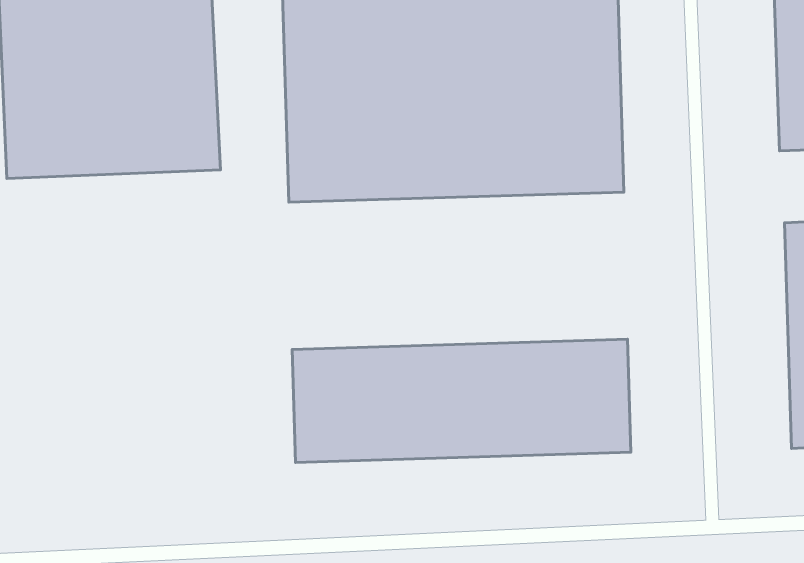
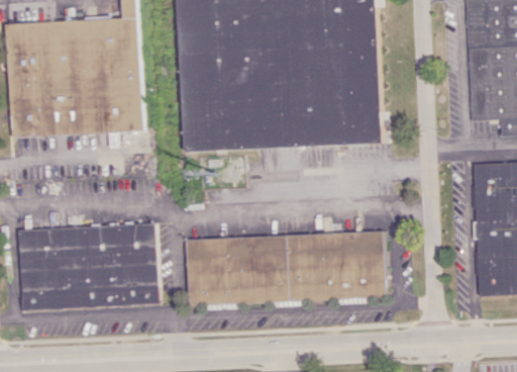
building: none -> [21,223,158,309]

